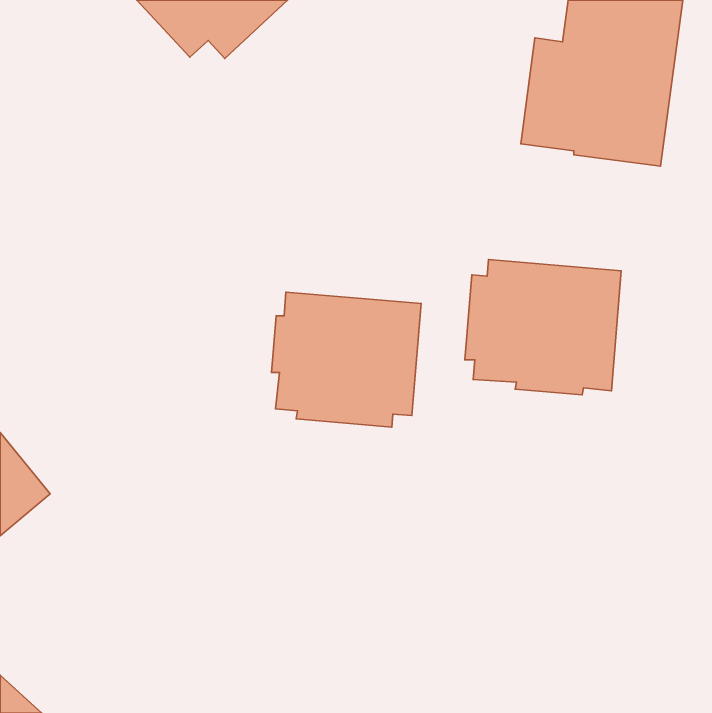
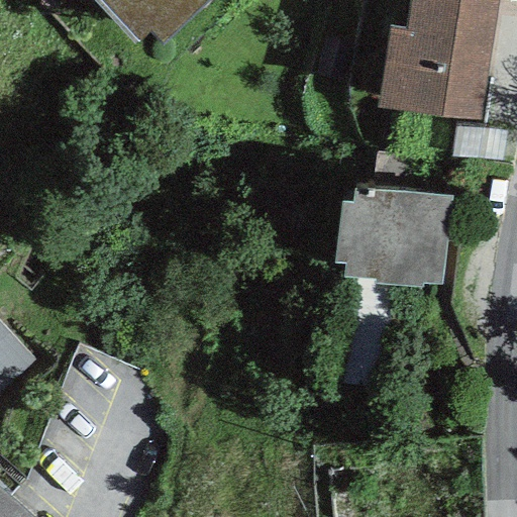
building: [272,292,421,427] -> none

